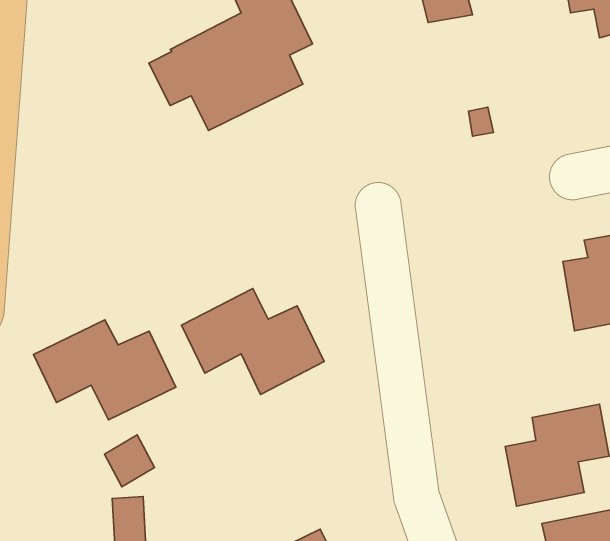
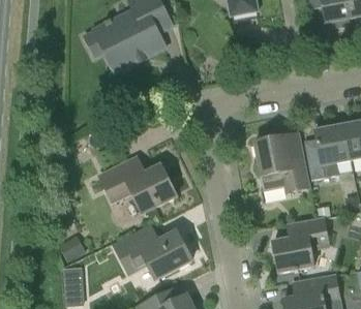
building: none -> [253,136,310,193]
building: [33,320,176,420] -> [114,225,190,279]

